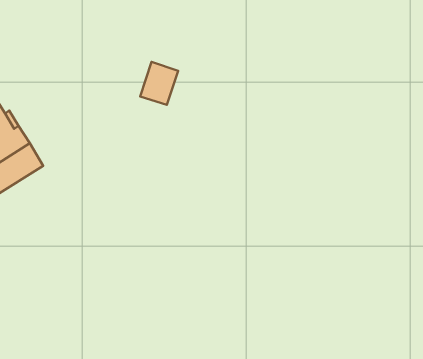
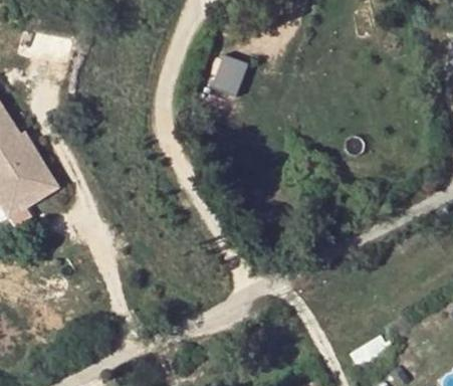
building: [140,62,178,105] -> [212,56,249,99]

